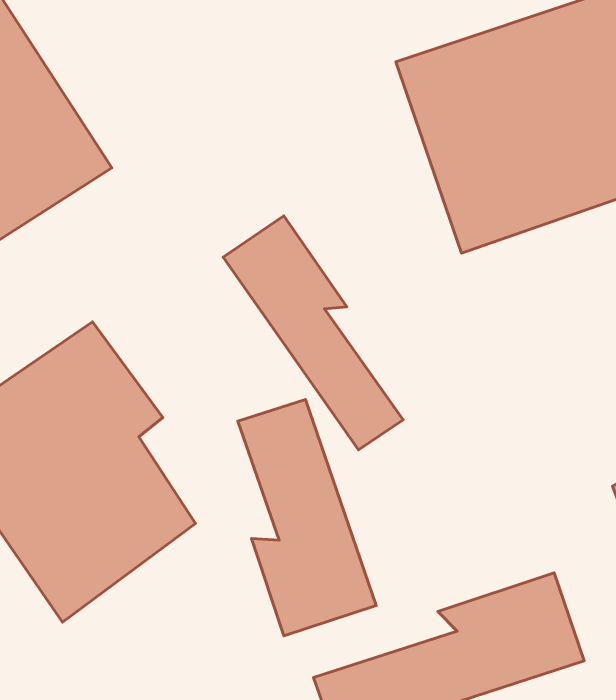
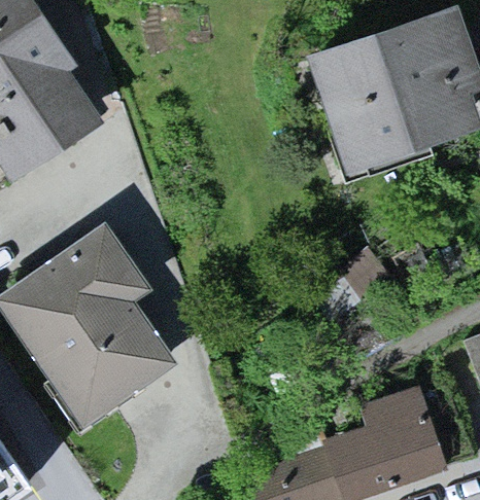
building: [223,216,403,450] -> none
building: [238,399,376,636] -> none

